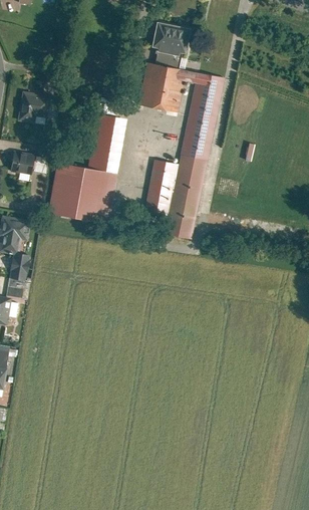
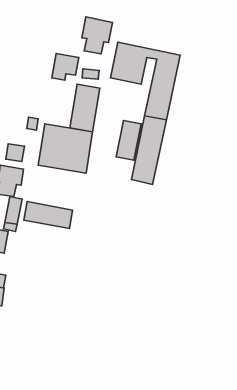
building: [151,22,190,68] -> [82,17,113,54]
building: [18,90,51,123] -> [52,53,79,80]
building: [11,152,34,174] -> [6,144,24,161]
building: none -> [24,202,73,229]

